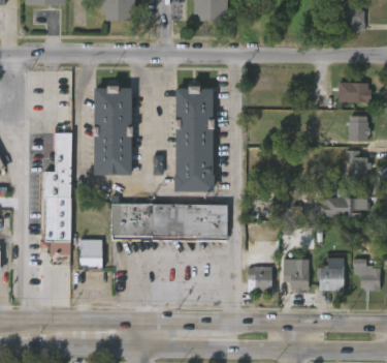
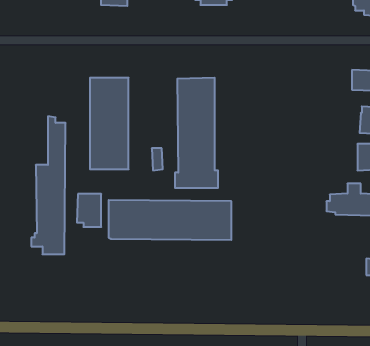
building: [78,240,101,271] -> [77,194,101,227]
building: [318,258,344,291] -> none
building: [248,268,272,294] -> none
building: [283,269,307,294] -> none

